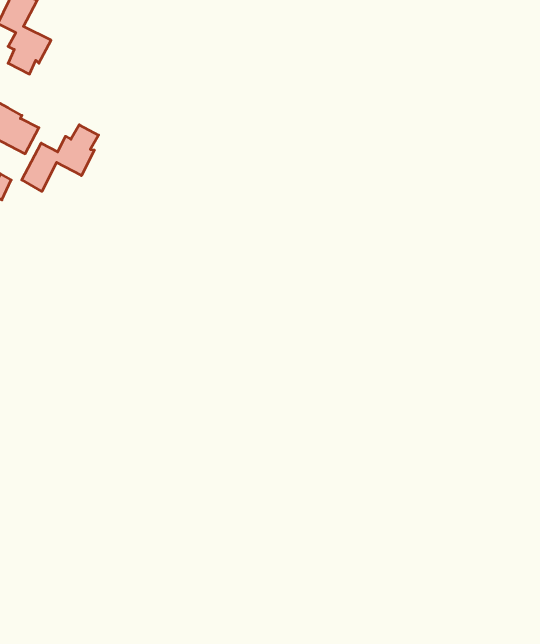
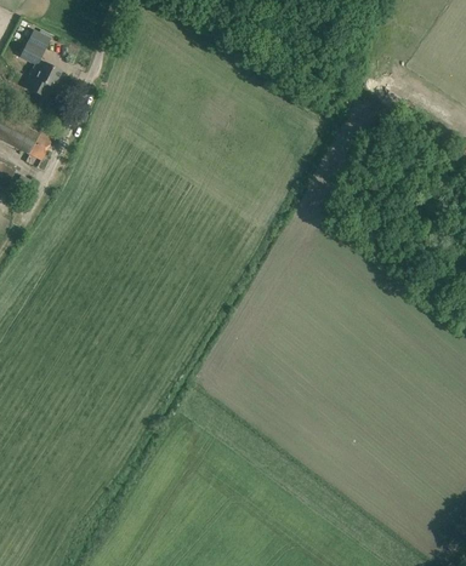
building: [22,125,99,191] -> none

